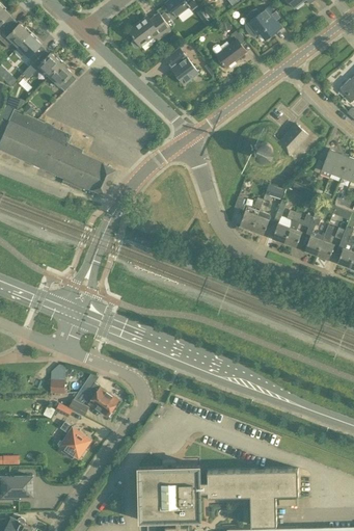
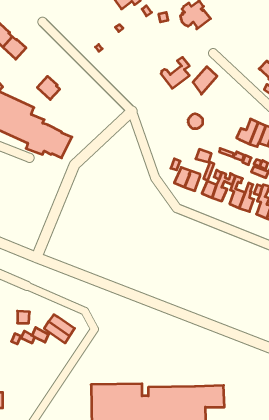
building: [128,11,171,48] -> none
building: [211,29,245,67] -> [161,57,189,88]
building: [163,47,197,83] -> none
building: [48,62,75,90] -> [37,76,60,100]
building: [278,123,307,156] -> [193,67,217,94]
building: [58,421,90,458] -> none

